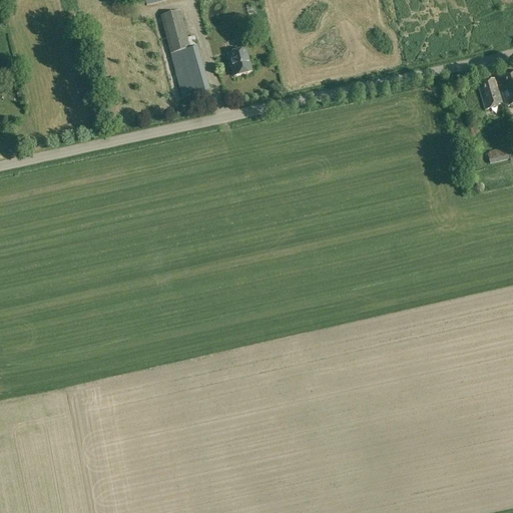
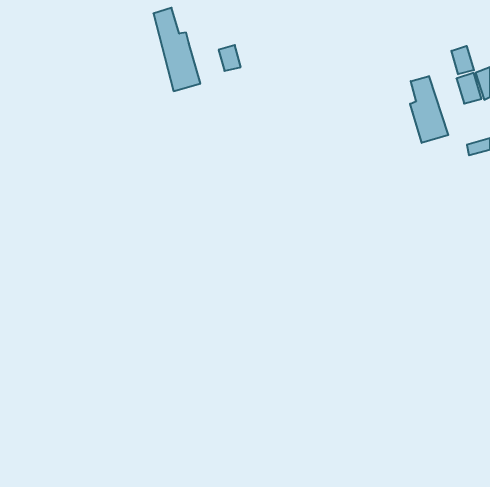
building: none -> [451,46,474,74]
building: none -> [410,76,448,143]

